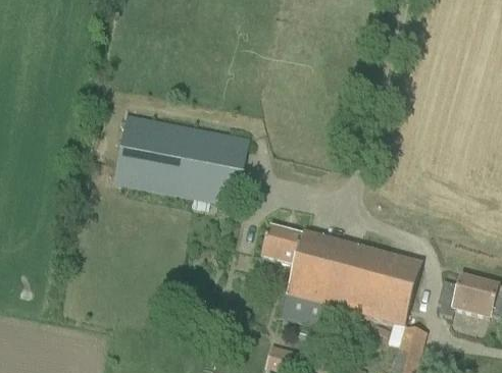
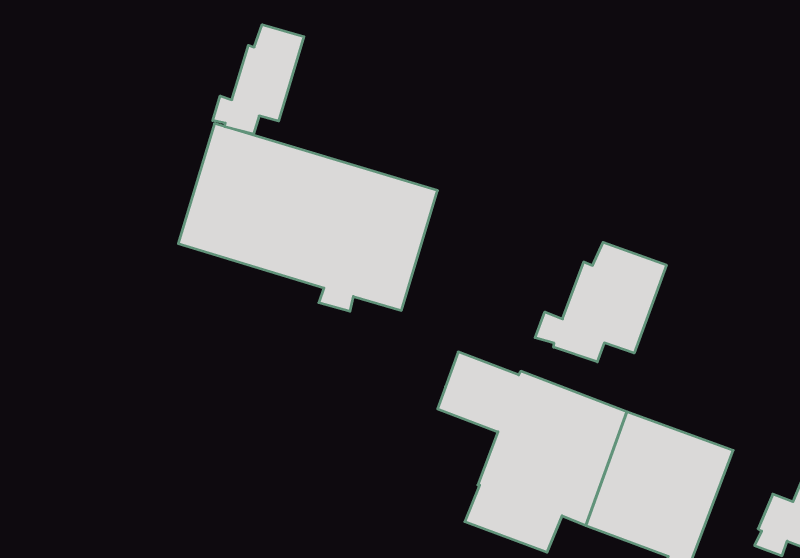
building: none -> [213,25,304,134]
building: none -> [535,242,666,362]

